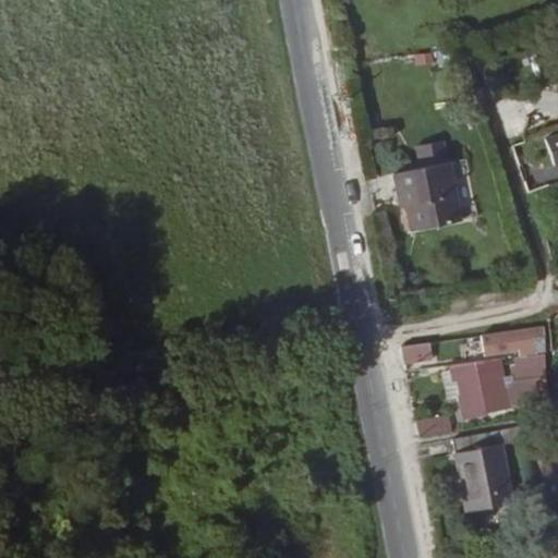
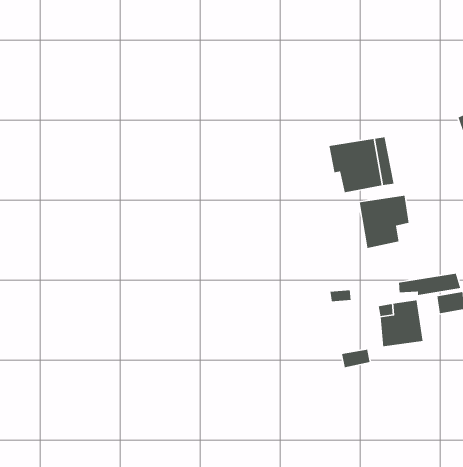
building: none -> [359,195,410,249]
building: [447,428,514,514] -> none

